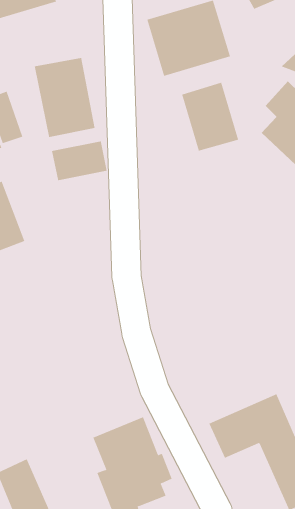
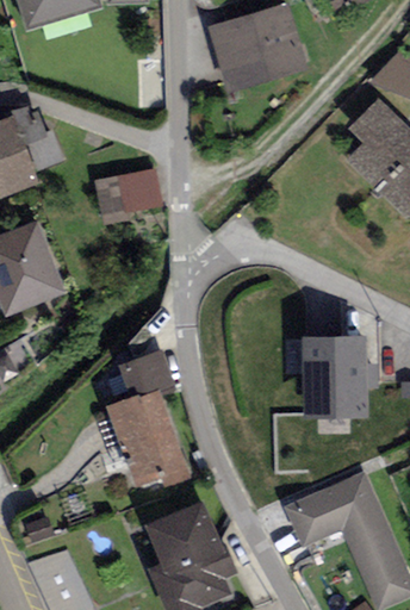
building: [34,57,95,138] -> none
building: [182,82,239,151] -> none
building: none -> [302,334,379,415]
building: none -> [94,350,191,487]

